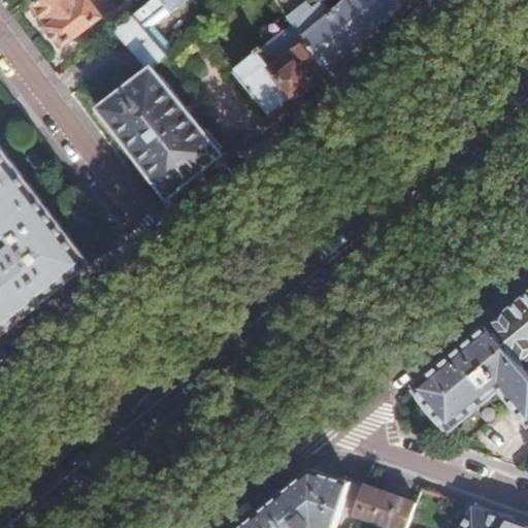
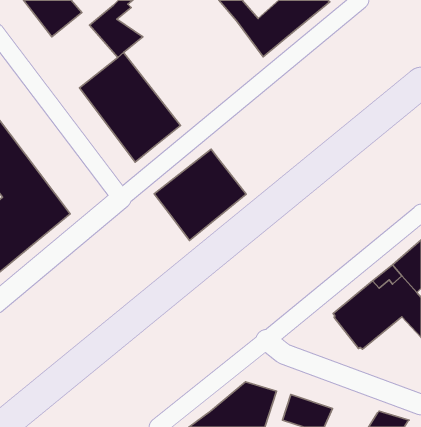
building: [235,26,325,116] -> none
building: none -> [154,149,246,241]

